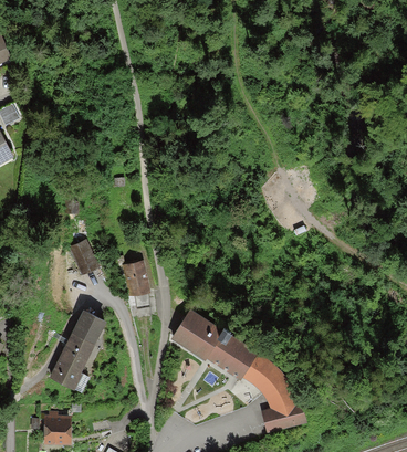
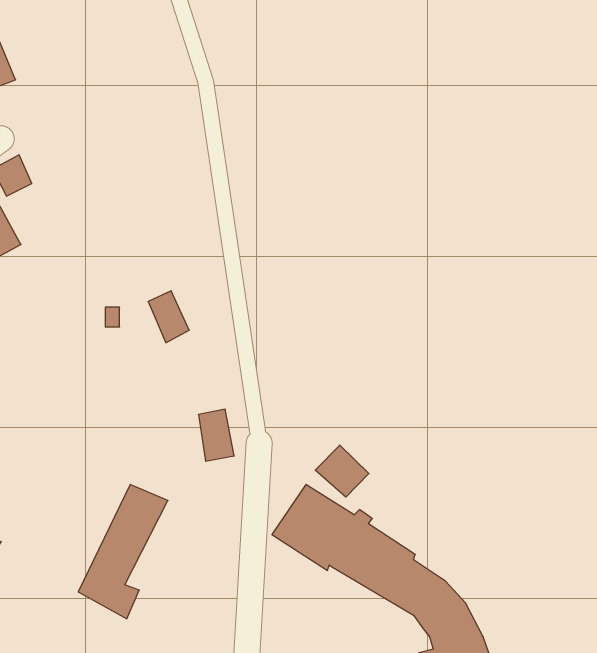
building: [71,239,96,271] -> [148,291,189,343]
building: none -> [315,445,369,497]

